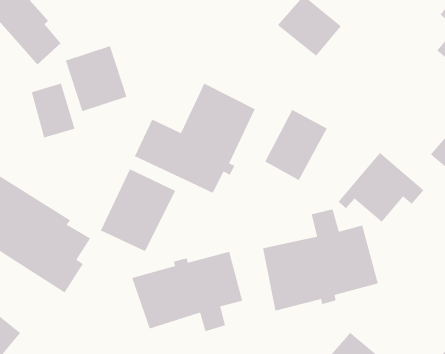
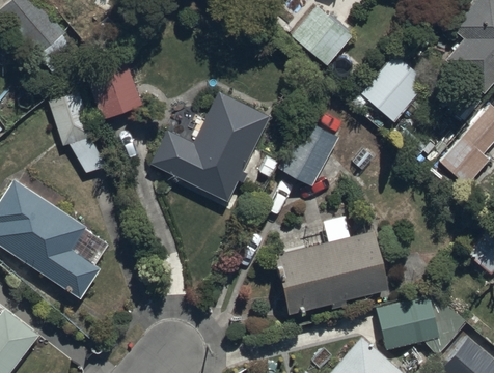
building: [337,152,424,223] -> [352,54,437,123]
building: [100,168,176,252] -> none
building: [131,251,243,332] -> none
building: none -> [377,295,440,348]

